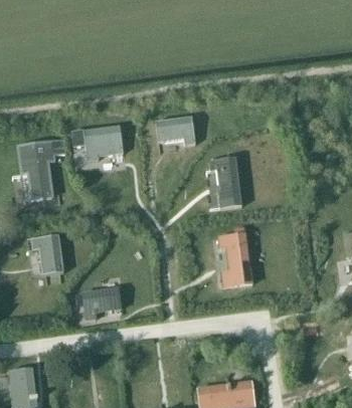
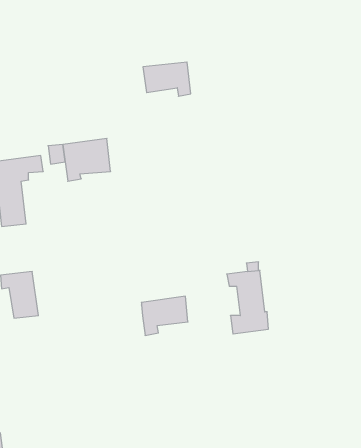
building: [156,117,195,145] -> [143,62,191,96]
building: [209,157,241,208] -> none
building: [82,287,121,320] -> [141,296,188,335]

